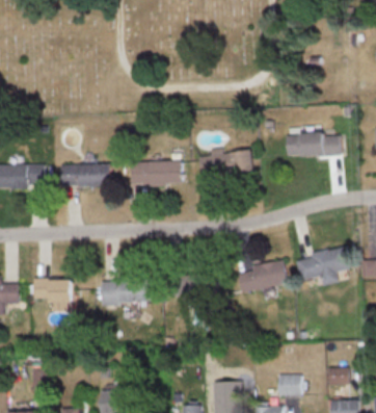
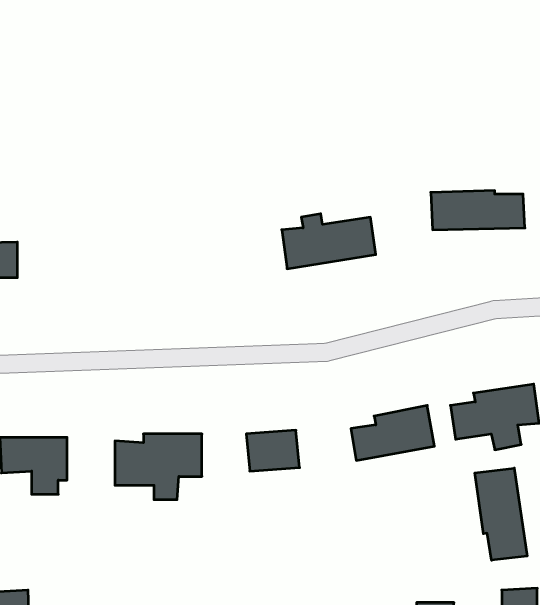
building: [131,161,183,186] -> none
building: [60,163,111,187] -> none
building: none -> [475,468,527,560]

